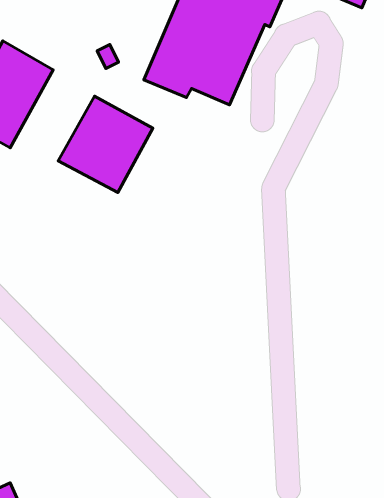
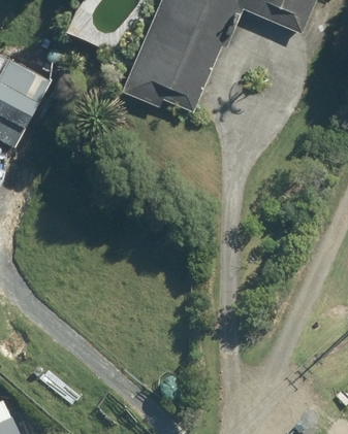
building: [58,96,153,192] -> none

